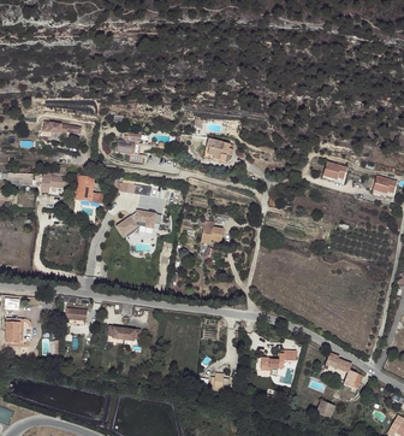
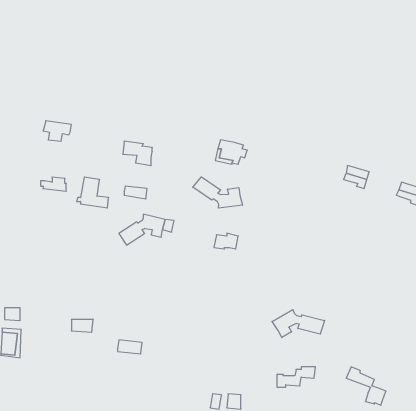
building: none -> [193,177,242,208]
building: none -> [272,310,325,338]

